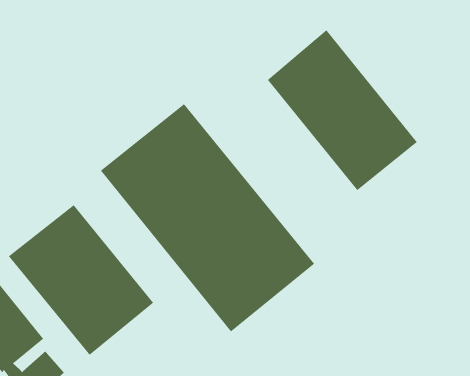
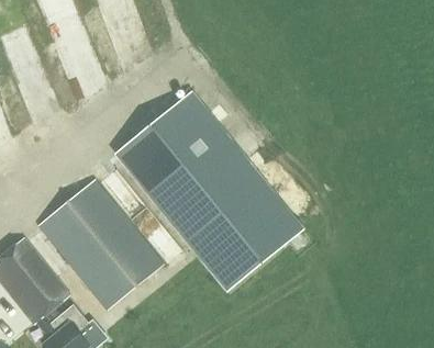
building: [267,29,418,191] -> none

